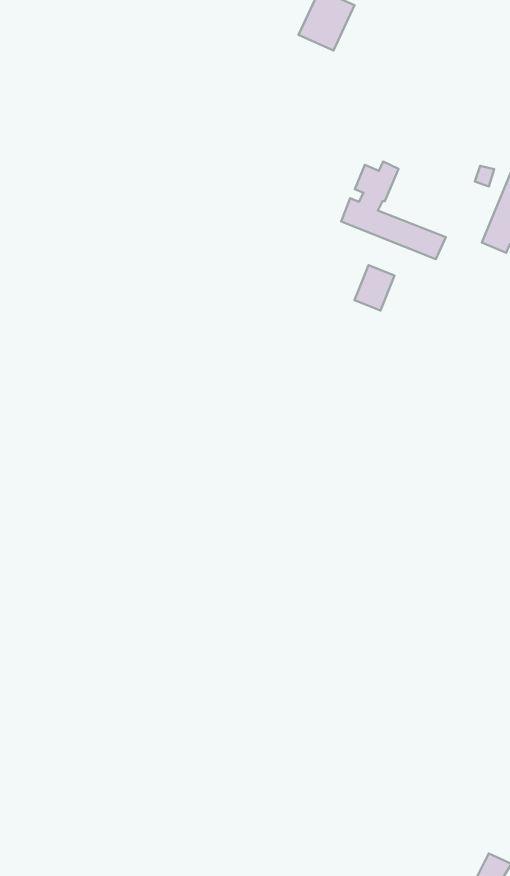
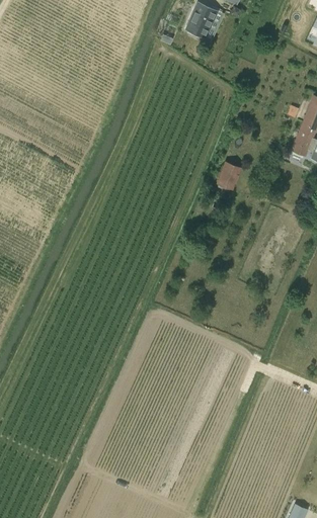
building: [341,162,446,259] -> none

